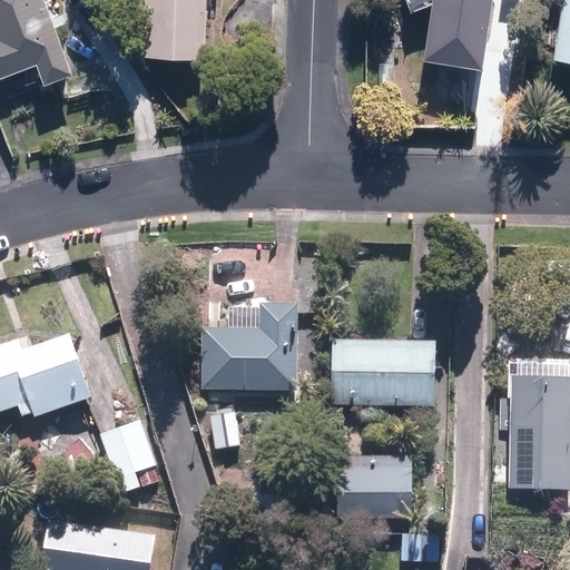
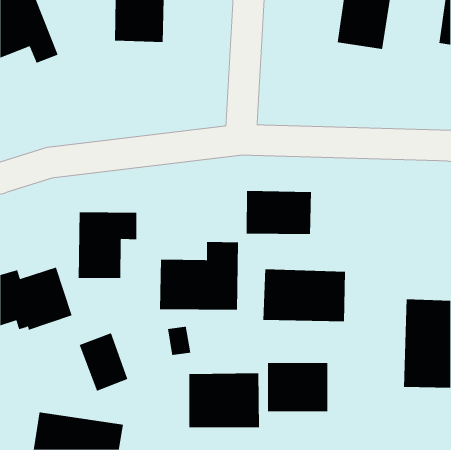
building: none -> [246,190,311,235]
building: none -> [78,211,137,279]
building: none -> [189,373,260,428]

